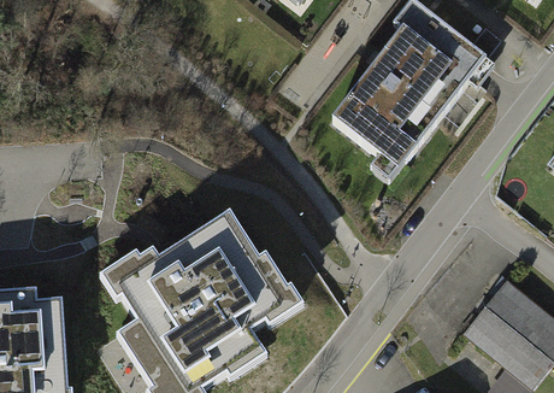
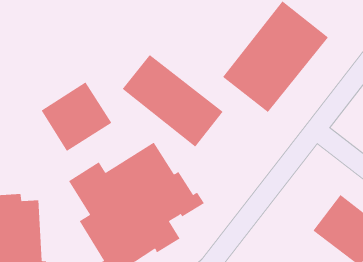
building: none -> [122,54,223,148]
building: none -> [41,81,112,152]

